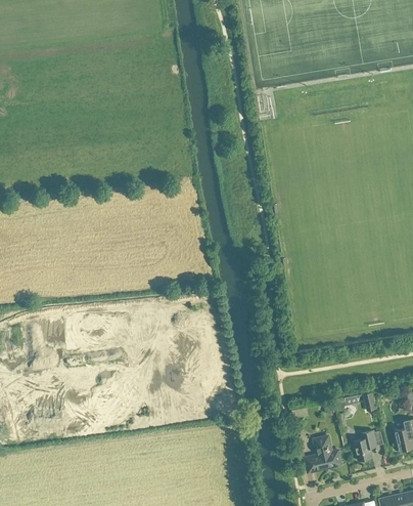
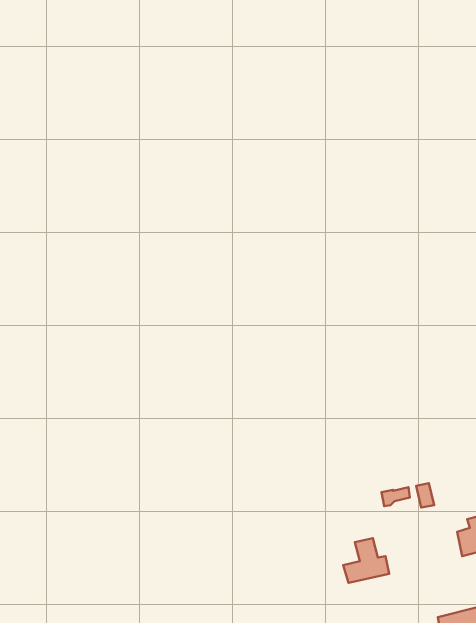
building: [354,429,376,460] -> none

